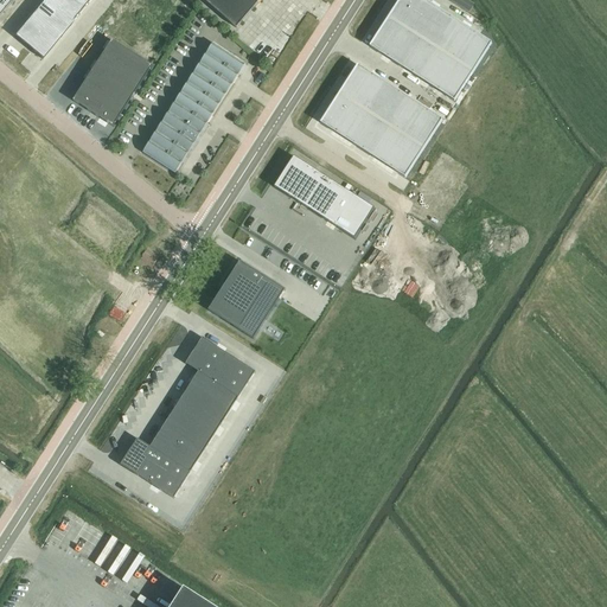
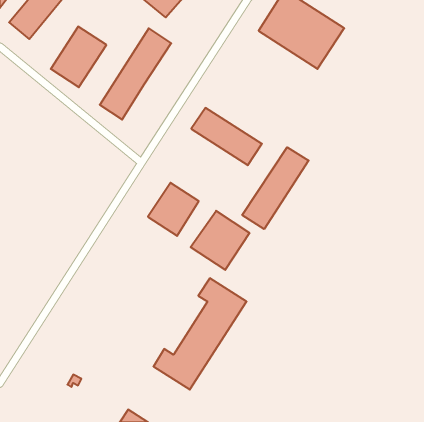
building: [319,62,441,174] -> none
building: none -> [242,147,309,229]
building: none -> [191,211,249,270]
building: [121,336,254,494] -> [153,278,247,390]

